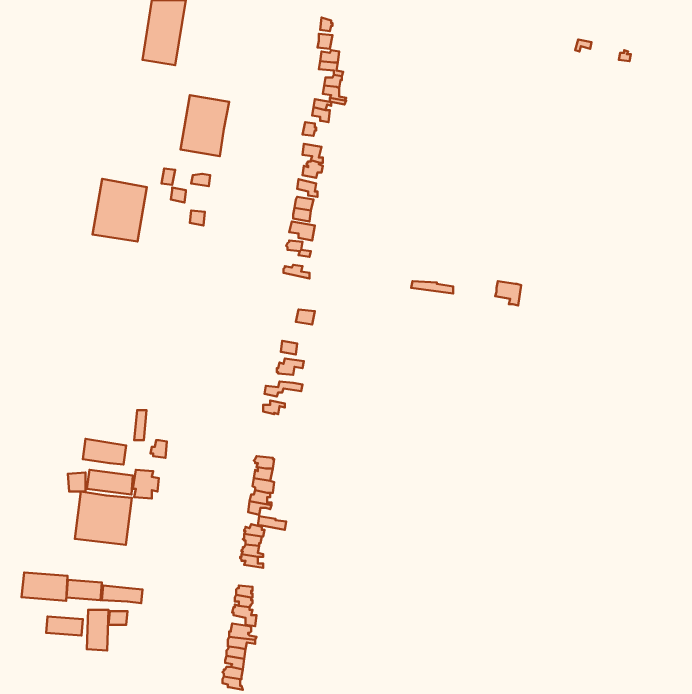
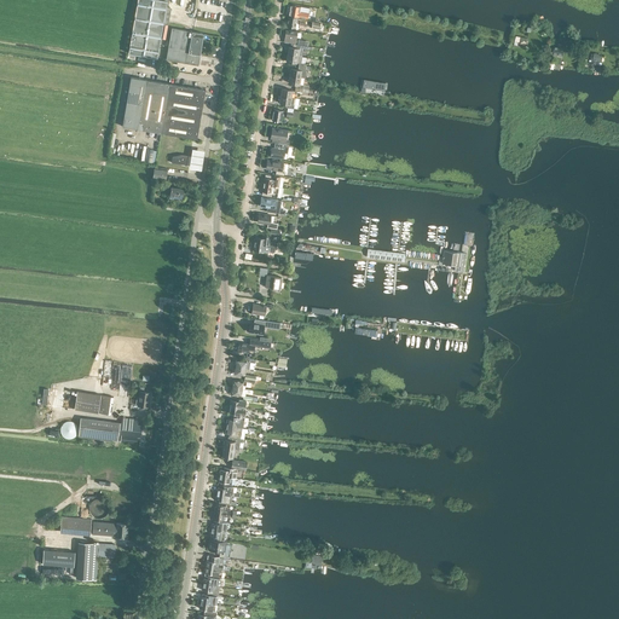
building: none -> [164,28,202,65]
building: [93,179,147,241] -> [121,77,169,133]
building: [75,492,132,545] -> none
building: [22,572,68,601] -> none

